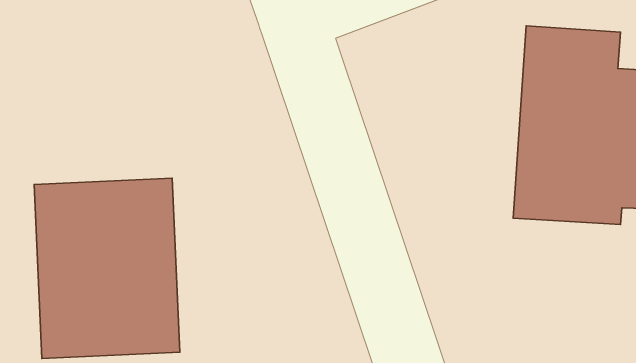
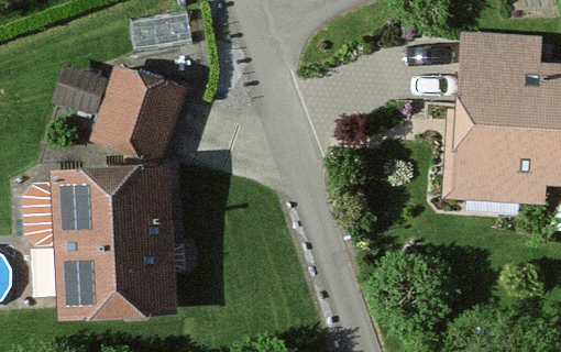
building: none -> [90,66,180,160]

